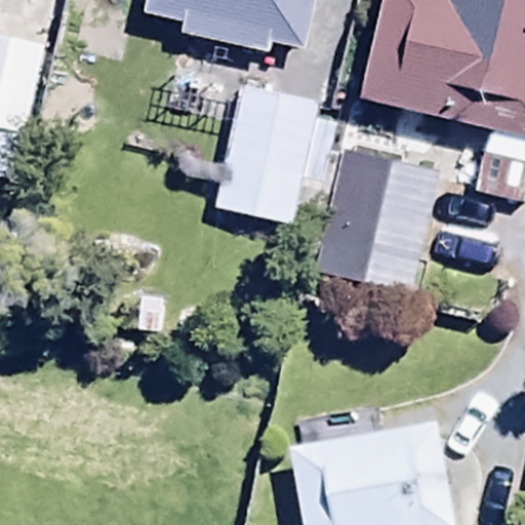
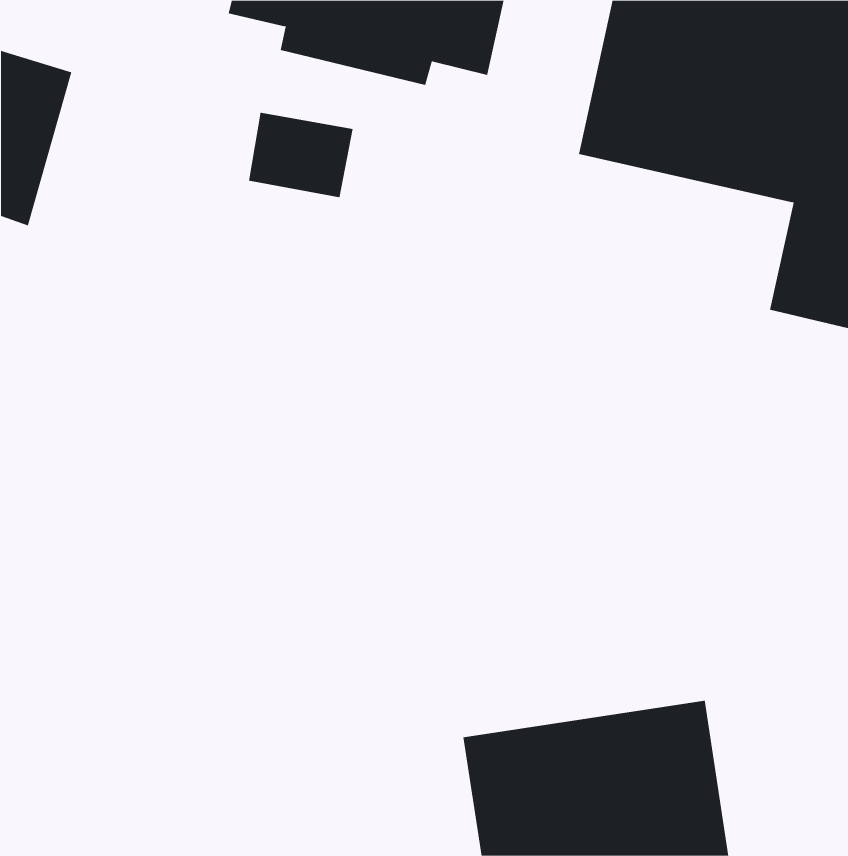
building: [214,82,340,219] -> none
building: [315,146,441,289] -> none

